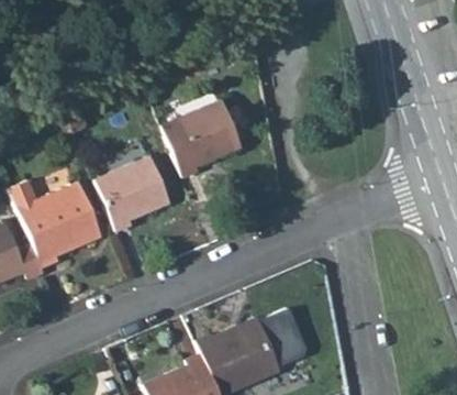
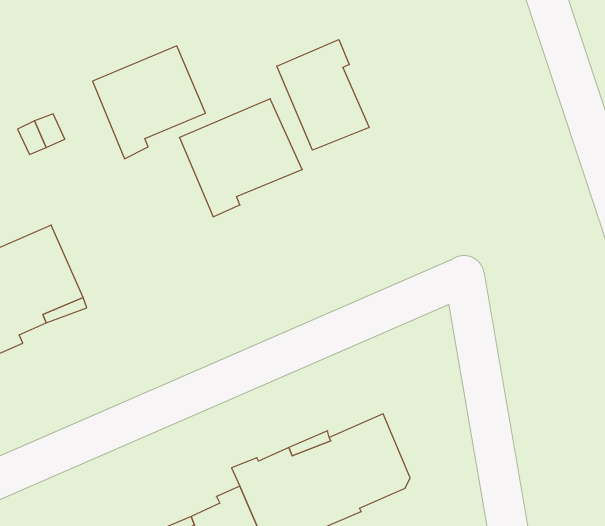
building: none -> [277,40,369,150]
building: [94,157,168,231] -> [93,46,205,159]

